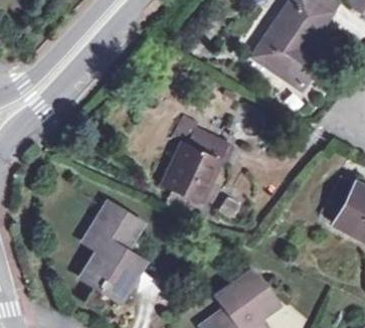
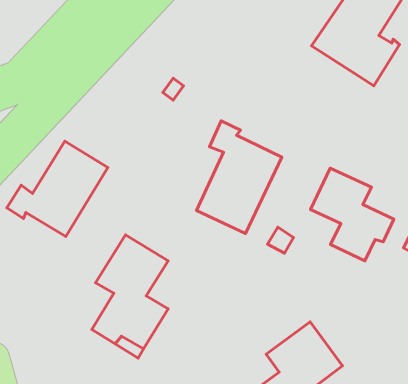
building: none -> [7,141,108,237]
building: none -> [310,168,394,261]

